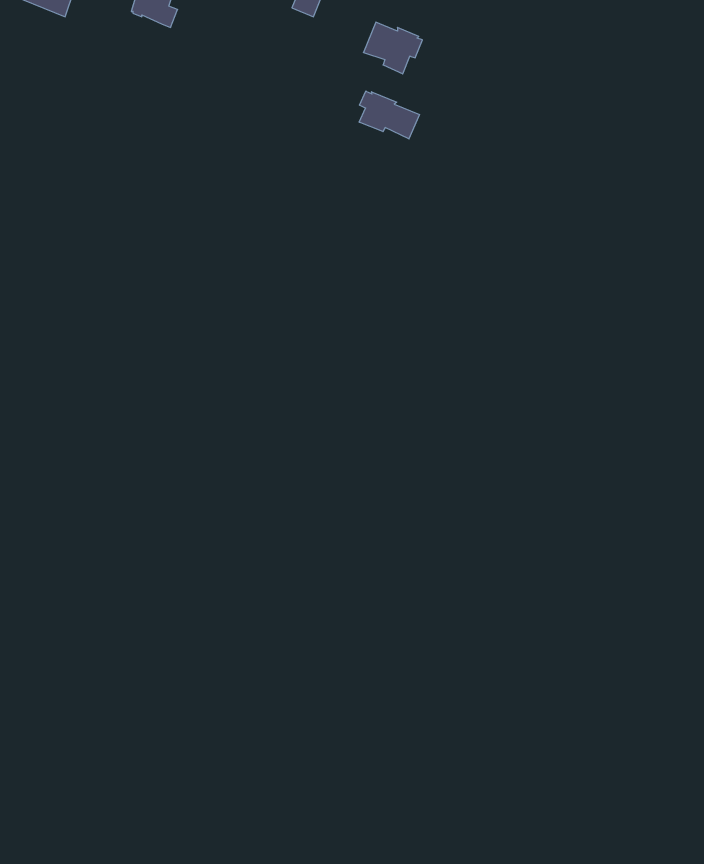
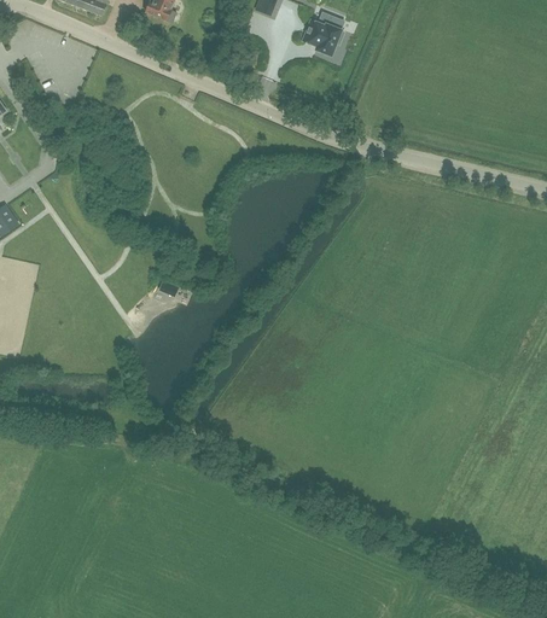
building: [359,91,419,139] -> none

